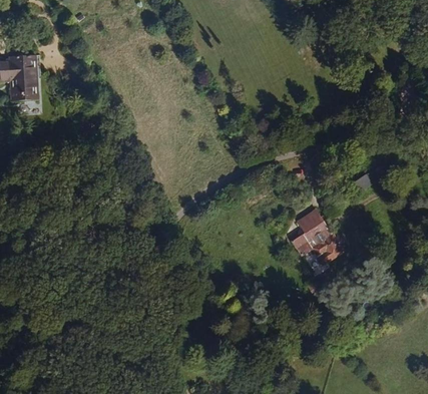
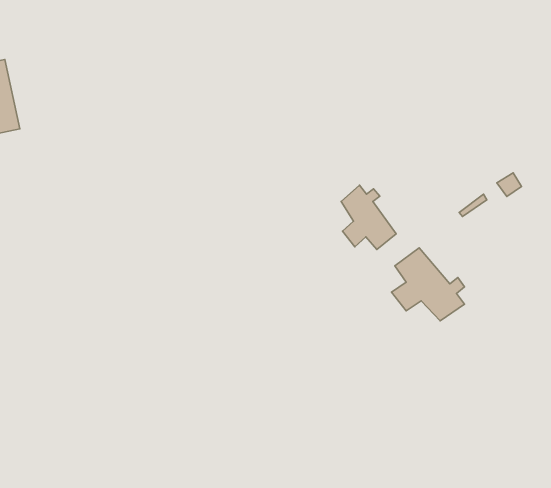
building: none -> [341,185,396,250]

